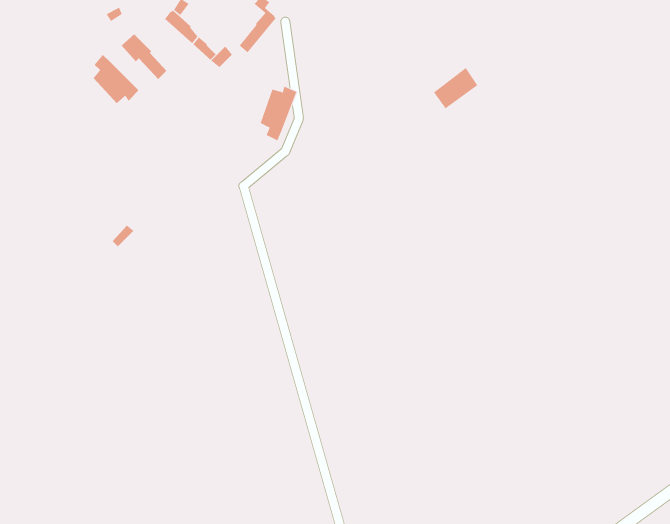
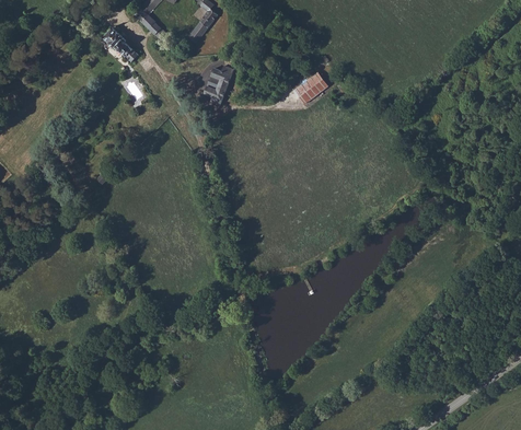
building: [93,54,139,104] -> none
building: [433,67,478,109] -> [292,71,325,102]

